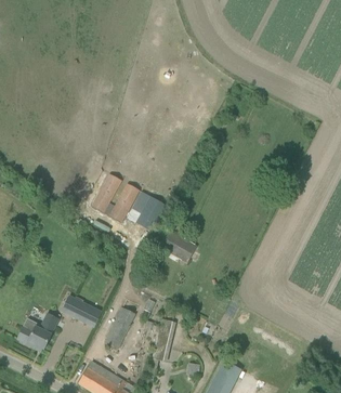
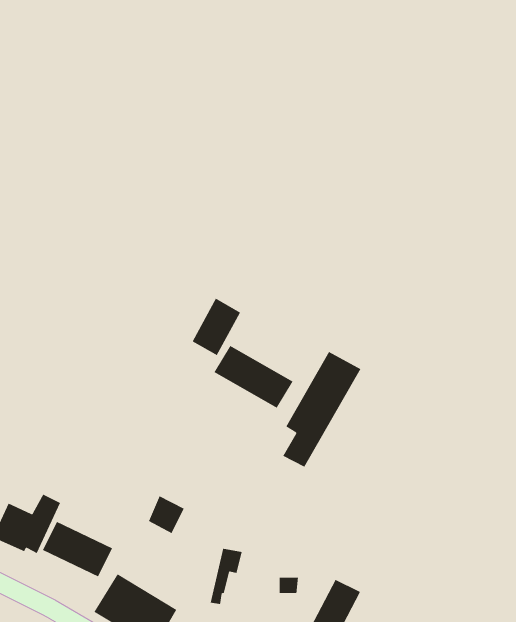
building: [90,173,139,222] -> none
building: none -> [282,351,361,468]
building: [58,293,101,327] -> [42,521,113,577]

